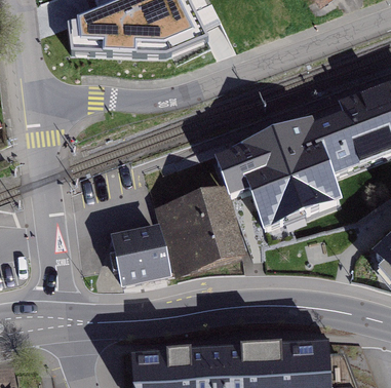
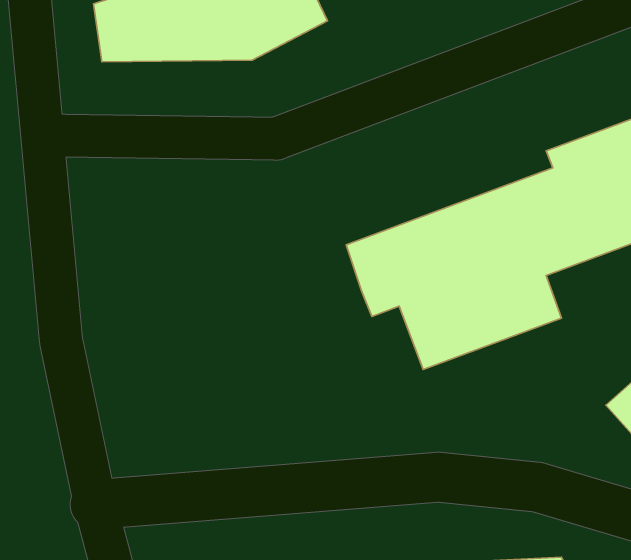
building: [154,186,247,276] -> none
building: [113,228,164,285] -> none

